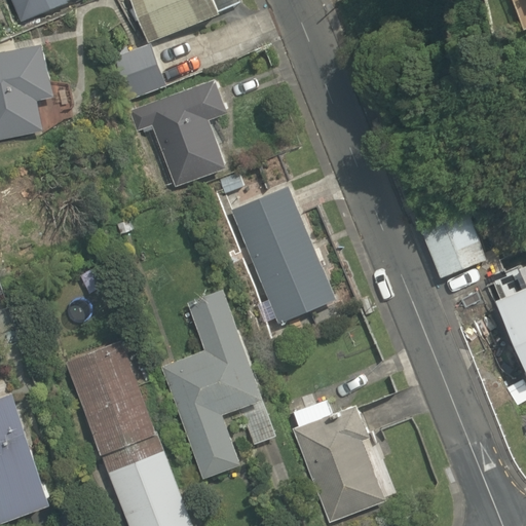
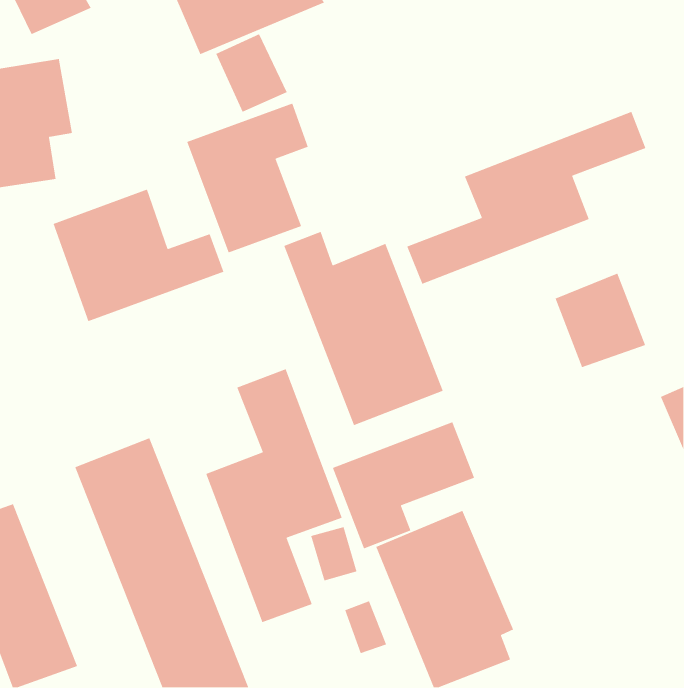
building: [110,39,165,100] -> [215,33,288,113]
building: none -> [406,111,647,285]
building: none -> [52,188,225,322]
building: none -> [332,421,475,550]

